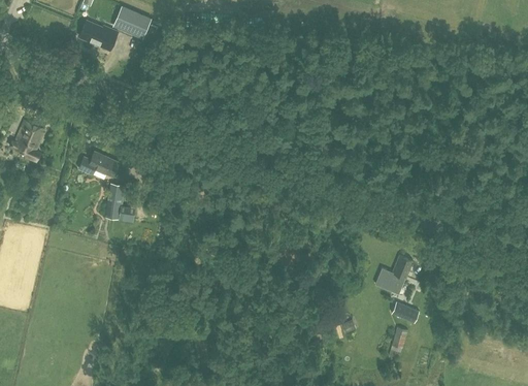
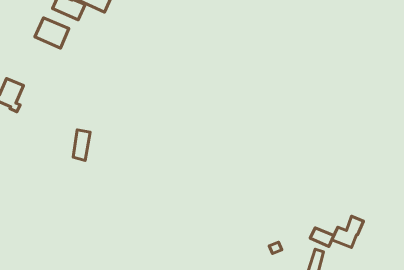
building: none -> [35,18,69,48]
building: [79,151,120,175] -> none
building: [375,254,414,292] -> [332,216,363,248]

